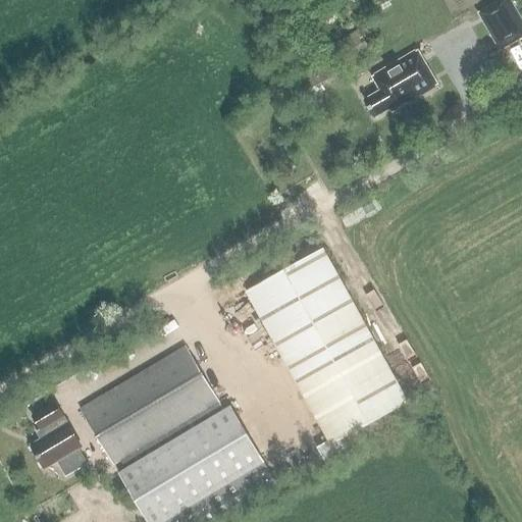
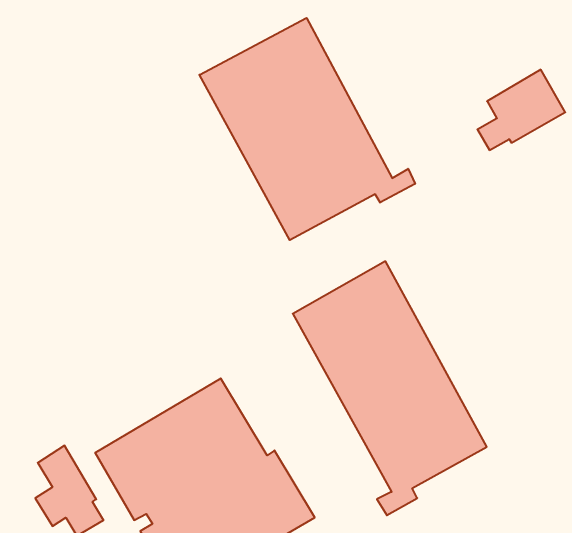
building: none -> [199,18,415,240]
building: [363,49,436,116] -> [477,70,565,150]

